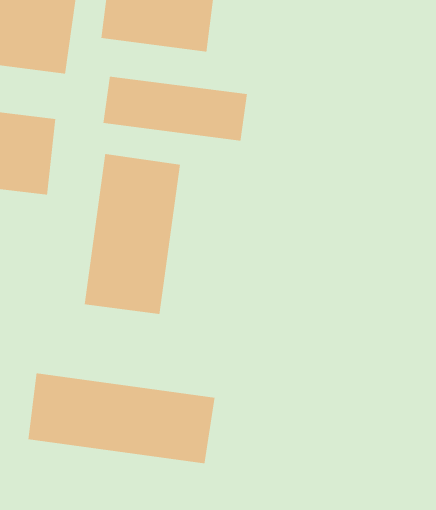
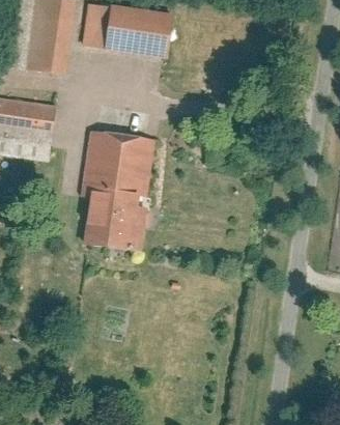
building: [103,76,248,142] -> none
building: [28,373,215,464] -> none

